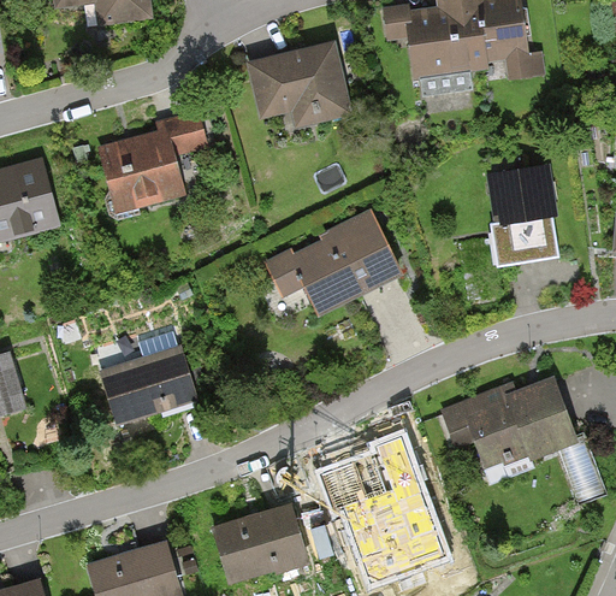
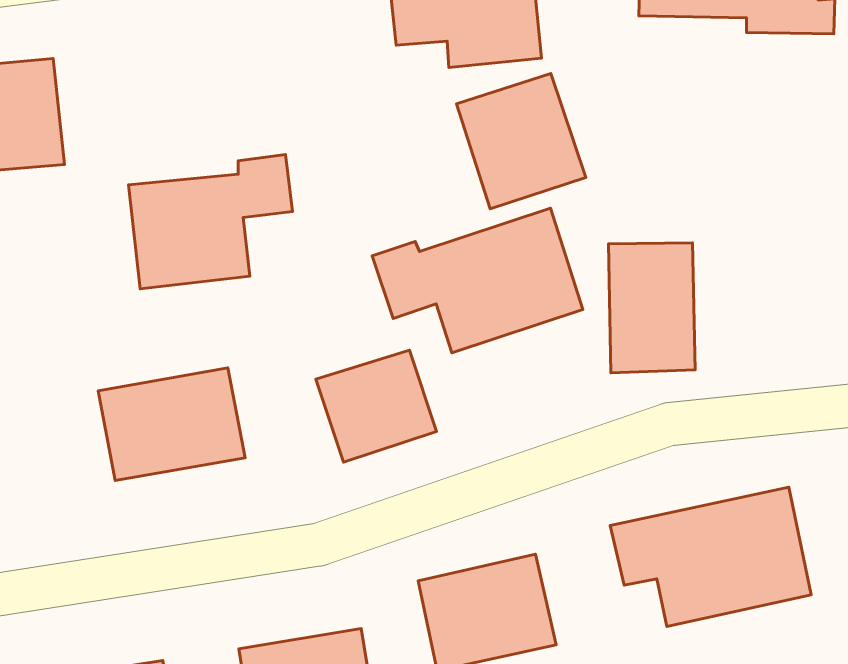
building: [99,112,207,212] -> [129,155,293,289]
building: none -> [456,73,586,209]
building: [486,160,553,252] -> [608,243,695,373]
building: none -> [316,350,437,462]

